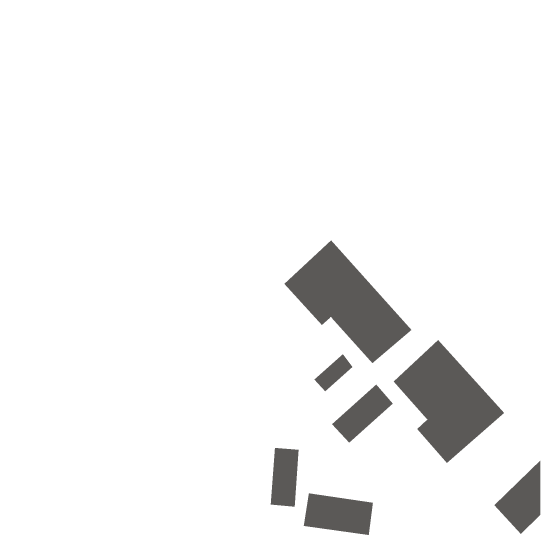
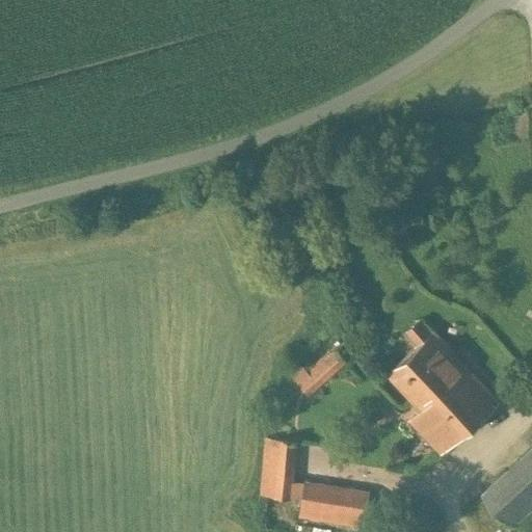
building: [284,239,412,364] -> none
building: [331,383,394,444] -> none

